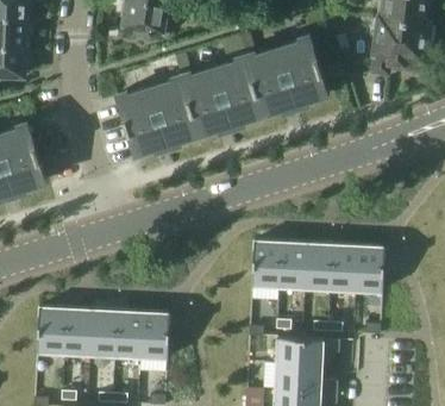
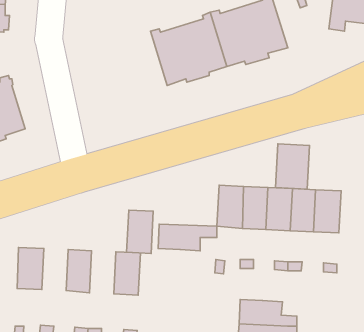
building: [115,75,198,152] -> none
building: none -> [275,144,309,189]
building: [63,308,92,354] -> none
building: [114,311,143,357] -> [127,210,153,253]
building: [276,337,339,366] -> [158,224,217,251]

